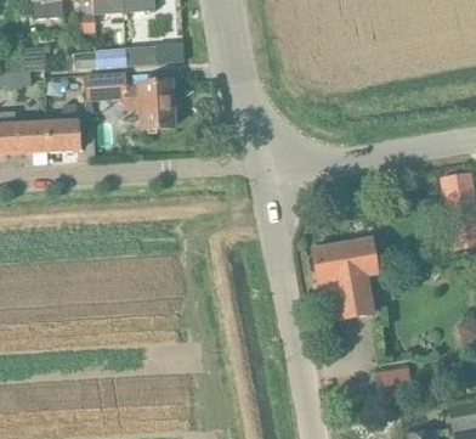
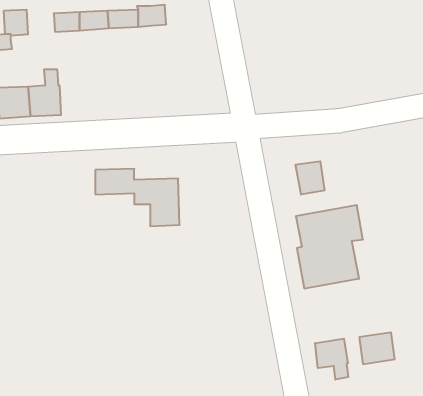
building: [89,73,172,130] -> [95,169,180,226]
building: none -> [296,161,324,195]
building: none -> [315,339,348,380]

